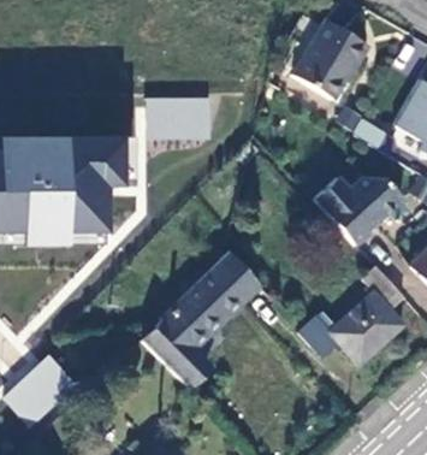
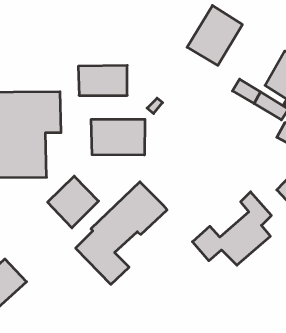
building: none -> [91,119,145,155]
building: [316,175,404,243] -> none
building: none -> [48,176,99,228]

